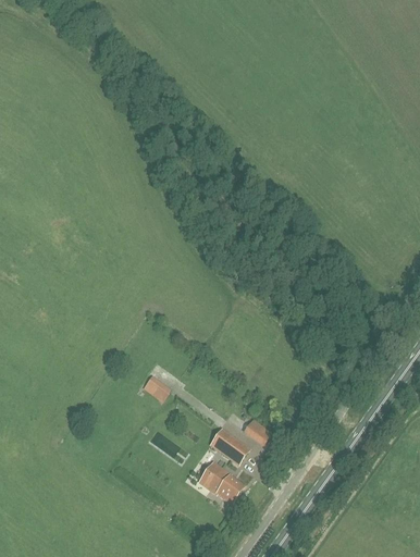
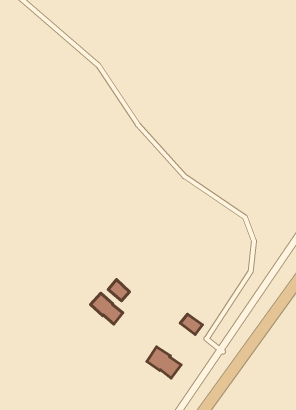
building: none -> [91,293,123,324]
building: [210,428,248,463] -> none

